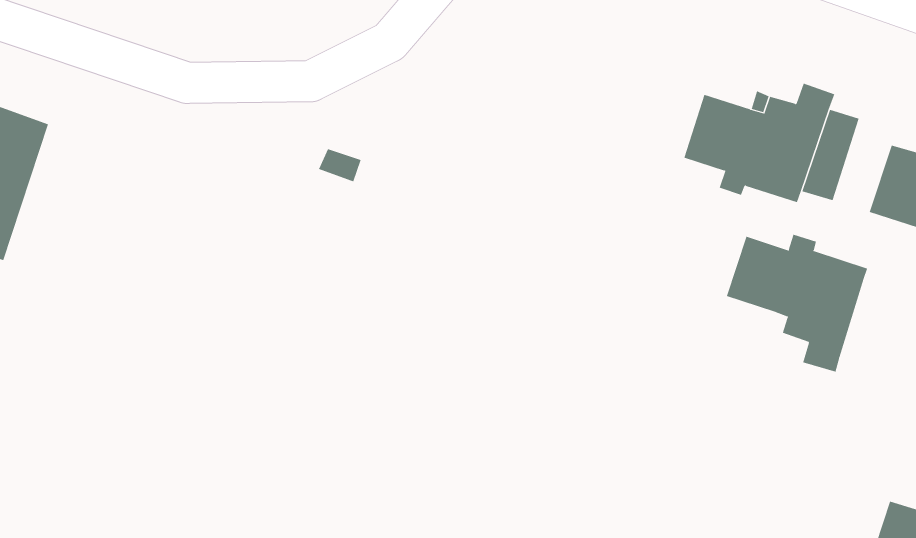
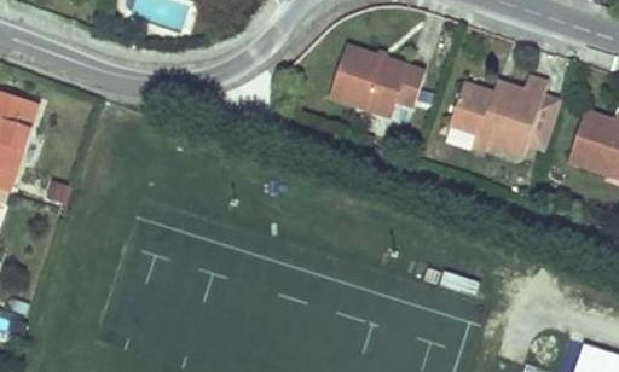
building: none -> [330,43,426,114]
building: [726,234,868,373] -> none

